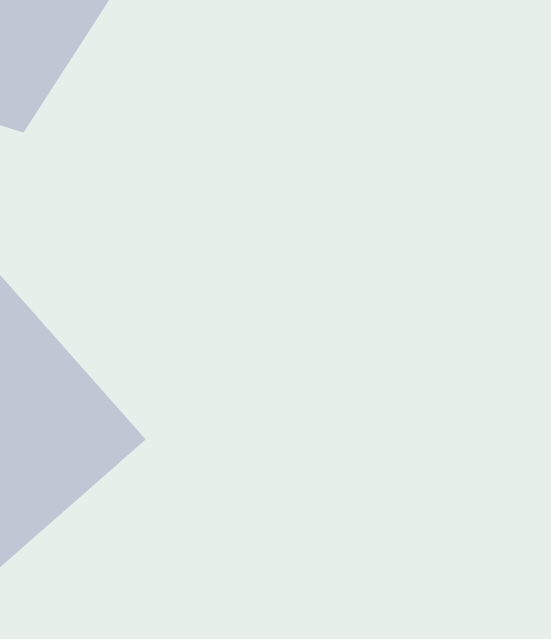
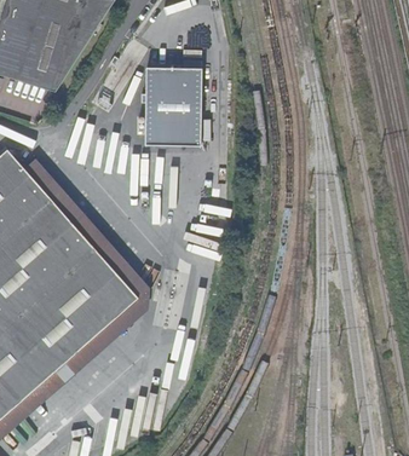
building: none -> [144,64,201,144]

